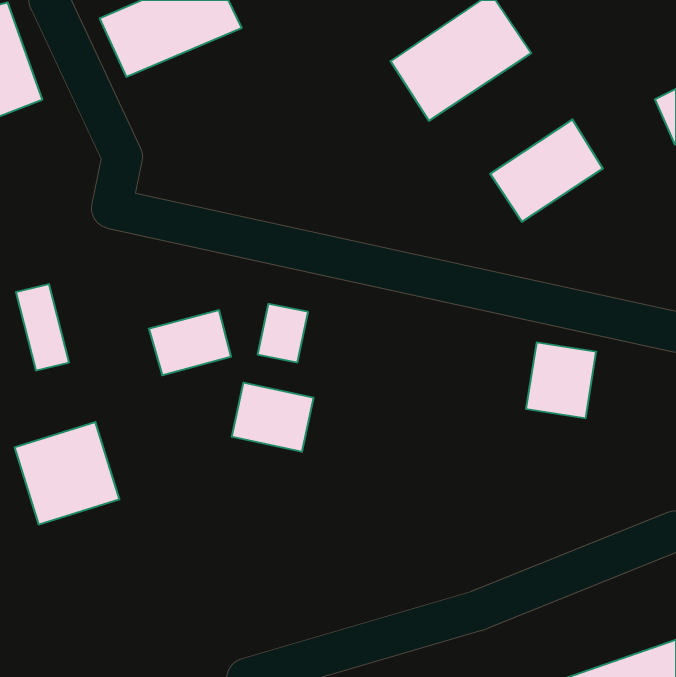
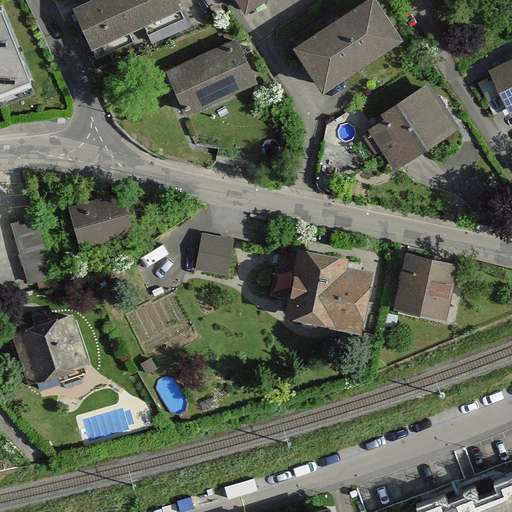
building: none -> [168,47,252,112]
building: [149,310,231,375] -> [69,199,131,248]
building: none -> [286,248,362,327]
building: [232,383,313,452] -> none

